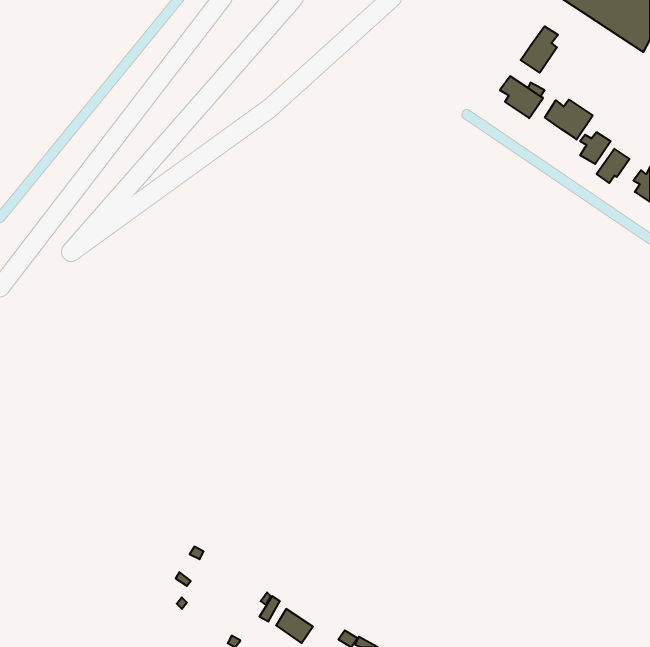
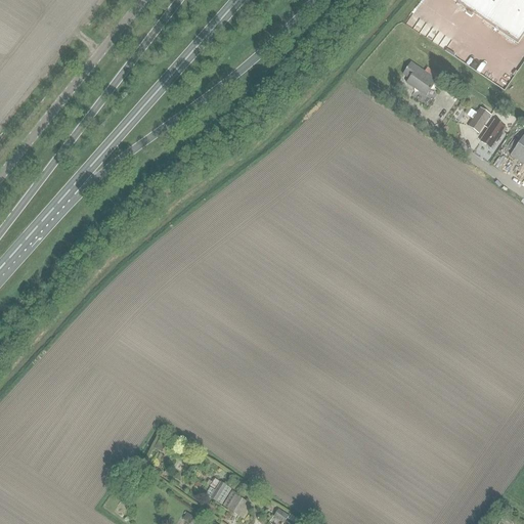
building: [521,26,558,73] -> none
building: [545,100,593,140] -> none

